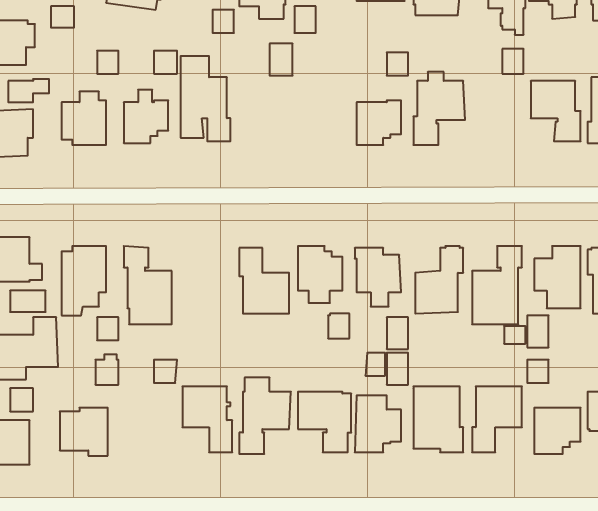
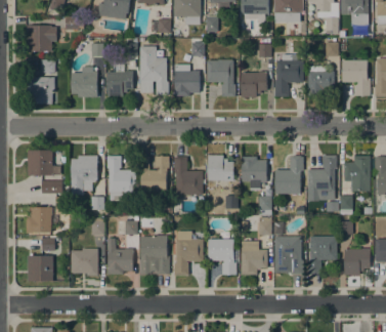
building: none -> [206,58,234,95]
building: none -> [173,64,199,95]
building: none -> [307,65,333,95]
building: none -> [139,156,169,193]
building: none -> [106,238,132,274]

